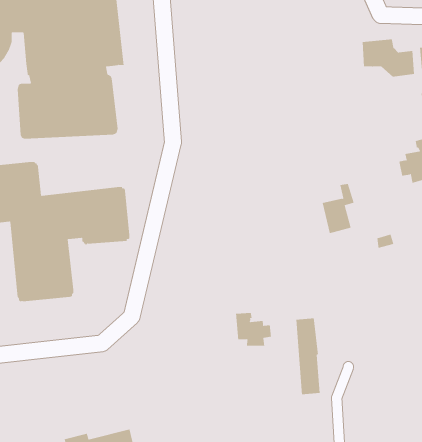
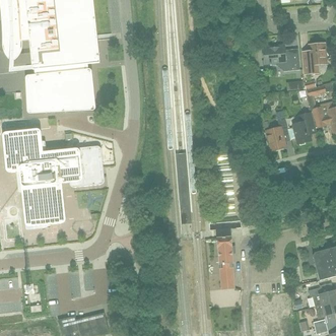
building: [322,184,354,234] -> [266,116,288,150]
building: [236,312,272,347] -> none

